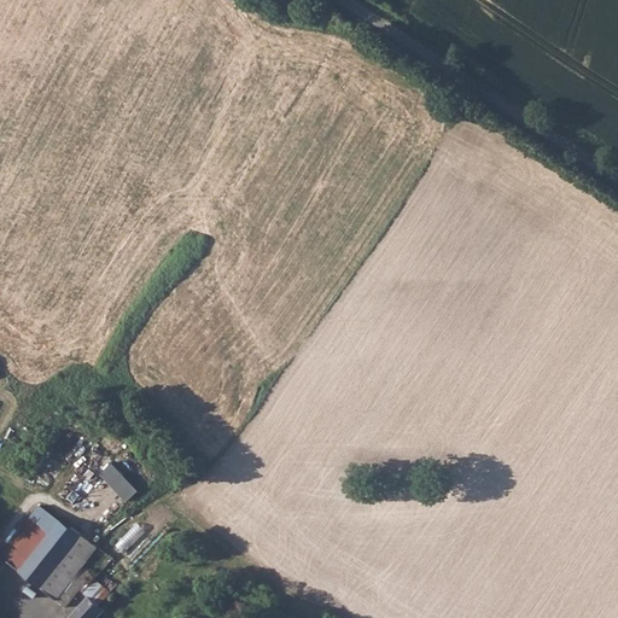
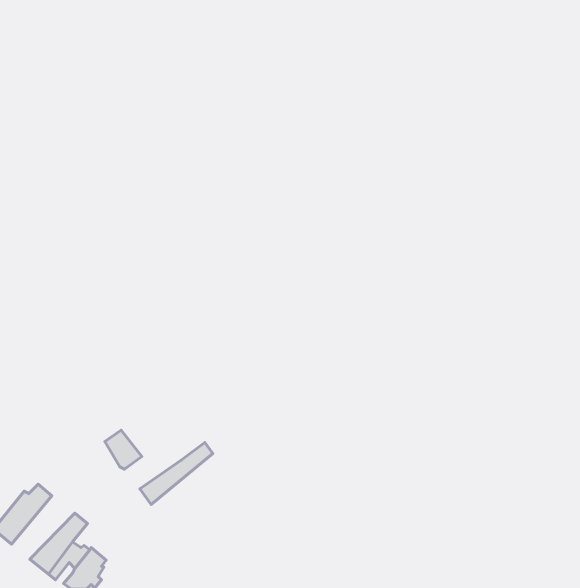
building: none -> [140,443,213,505]
building: [12,520,78,587] -> none

